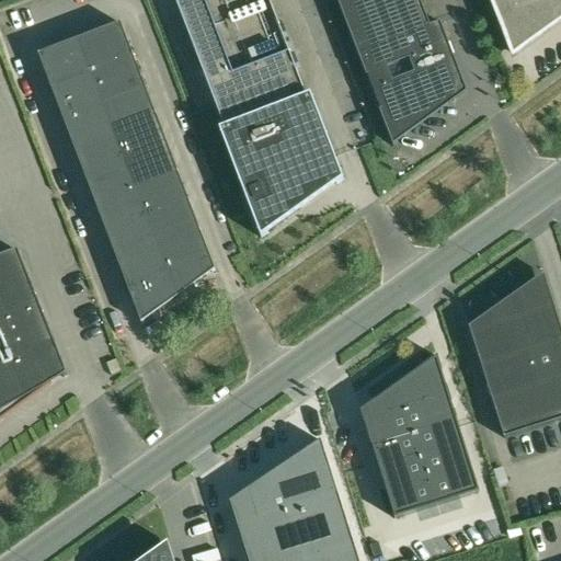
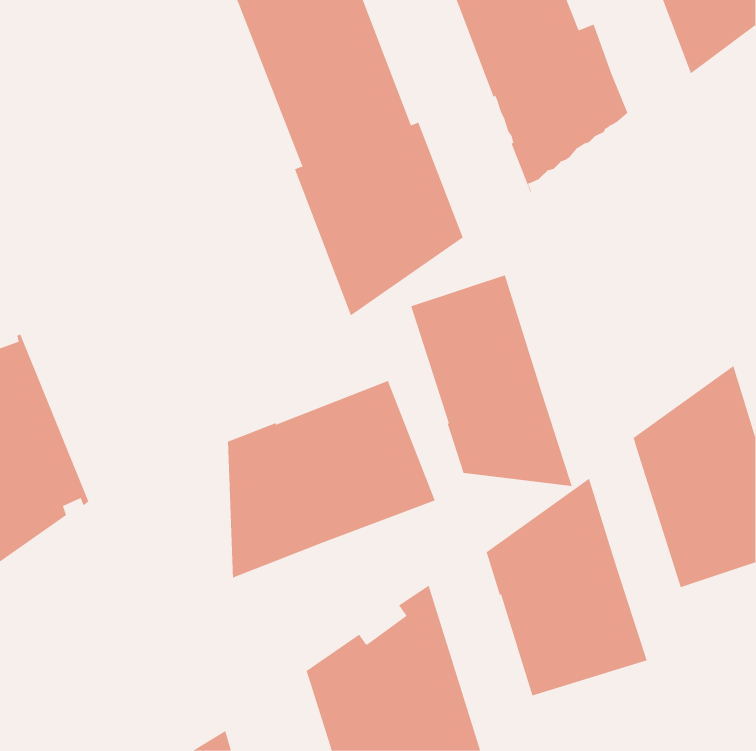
building: [36,19,213,319] -> none
building: none -> [410,275,573,487]
building: none -> [228,380,435,578]

